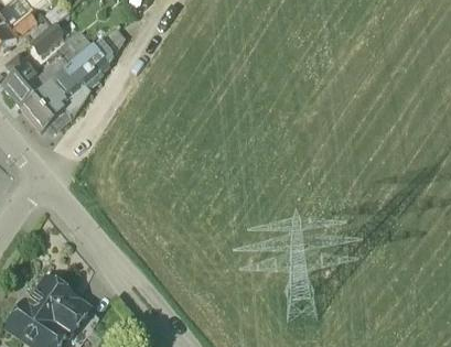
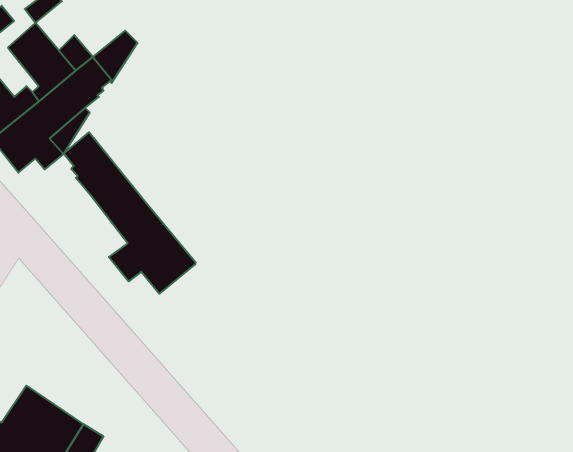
building: none -> [64,132,195,294]

